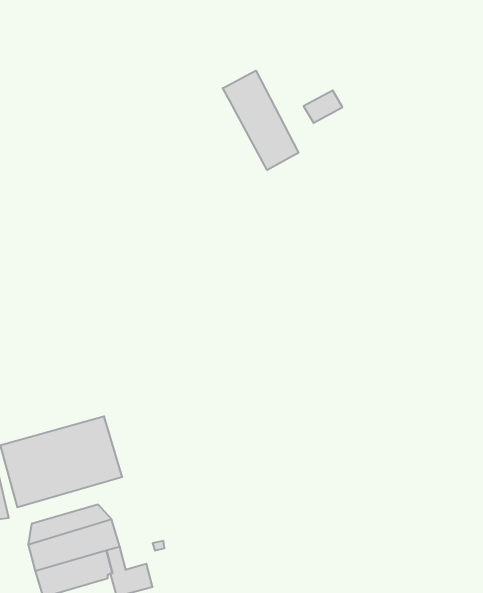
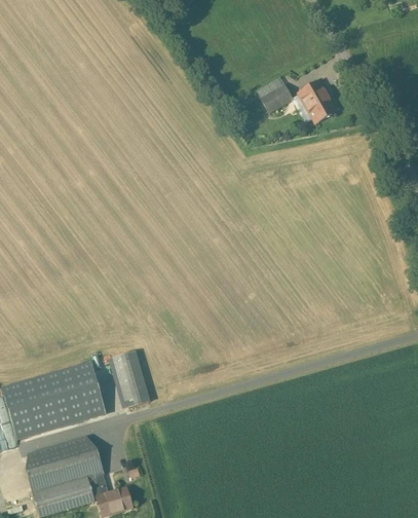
building: [223,71,298,170] -> none
building: none -> [299,82,334,119]
building: none -> [114,353,148,407]

